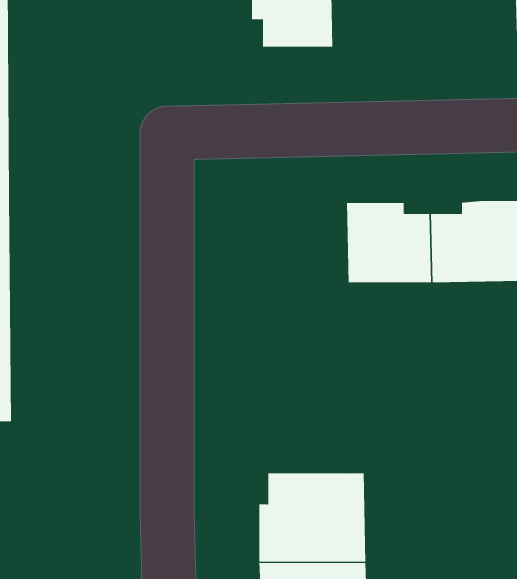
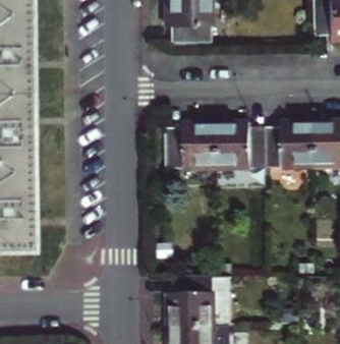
building: none -> [170,125,219,171]

